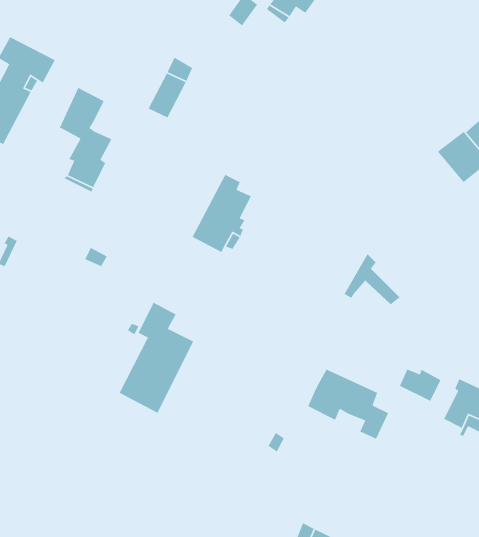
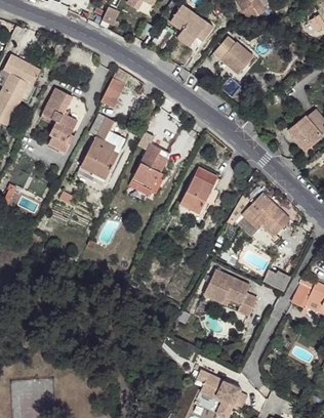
building: none -> [213,36,254,75]
building: none -> [180,167,218,212]
building: none -> [248,192,291,235]
building: [118,301,194,414] -> [77,113,126,185]

